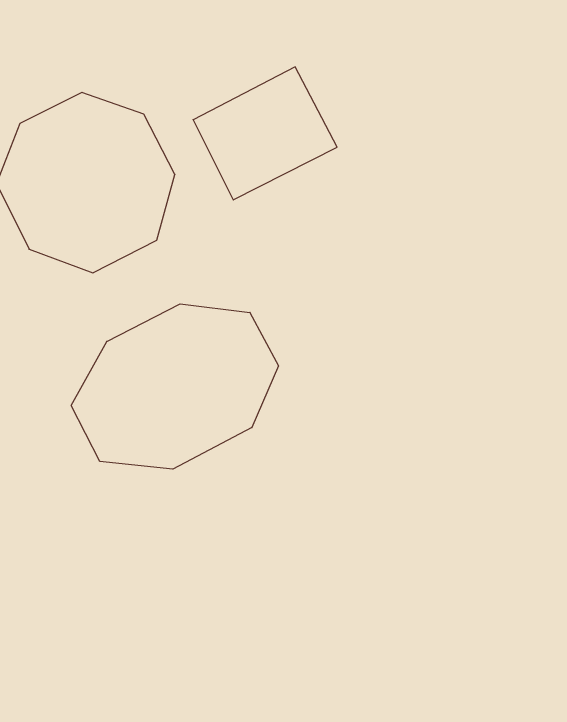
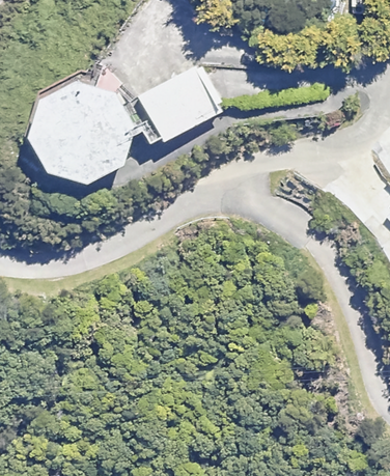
building: [71,304,279,469] -> none

